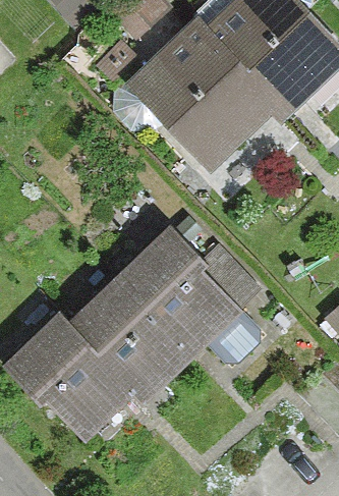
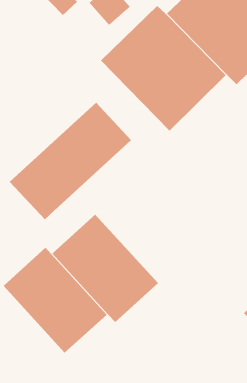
building: none -> [9,102,132,220]
building: [118,226,247,359] -> none

